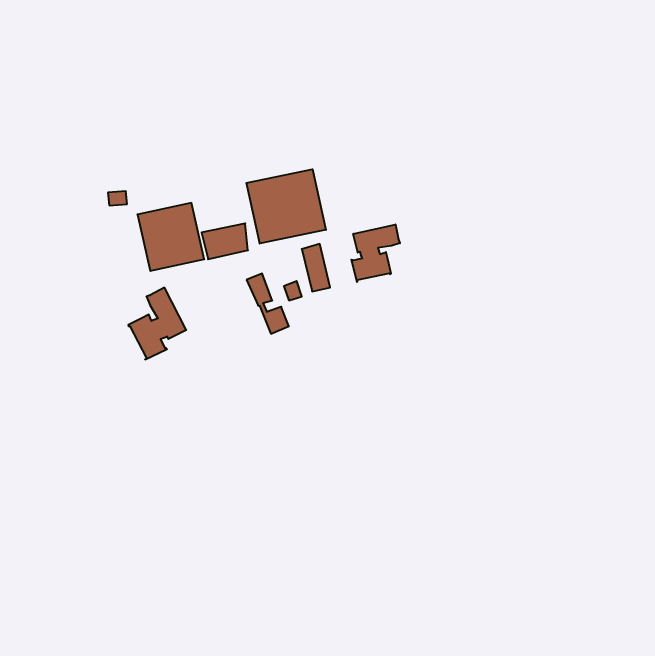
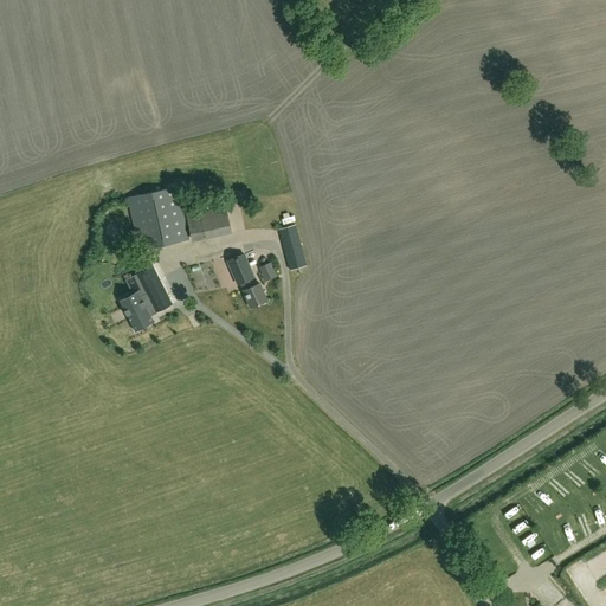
building: [246,169,326,244] -> none
building: [351,224,400,282] -> none

